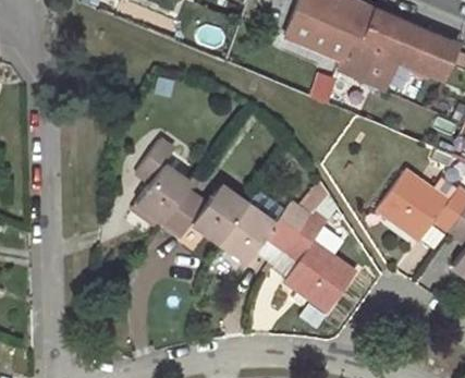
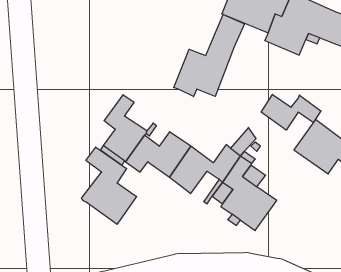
building: none -> [174,14,244,97]
building: none -> [261,94,321,130]
building: none -> [82,147,137,224]

